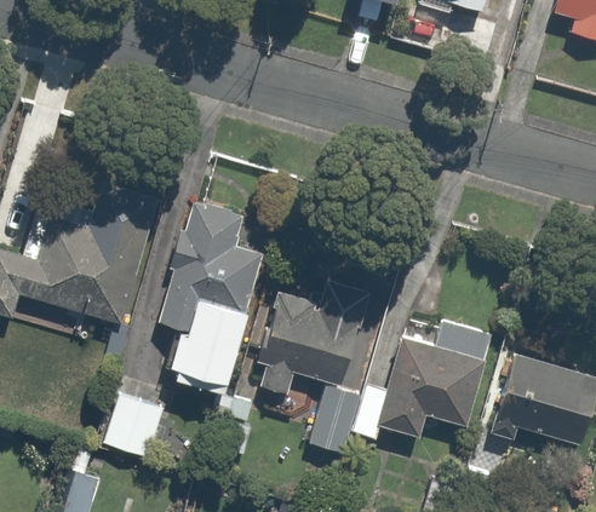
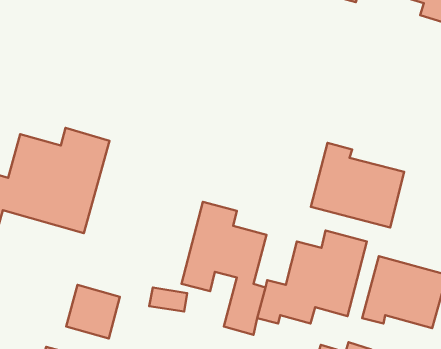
building: [157,201,260,390] -> none
building: none -> [311,143,404,228]

